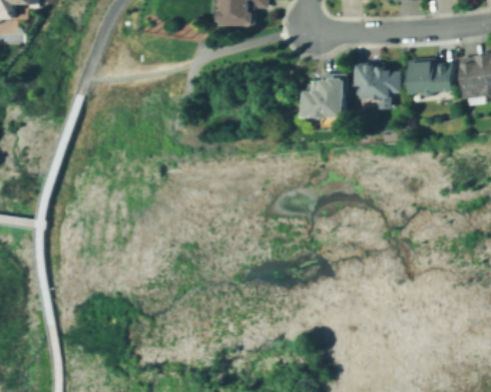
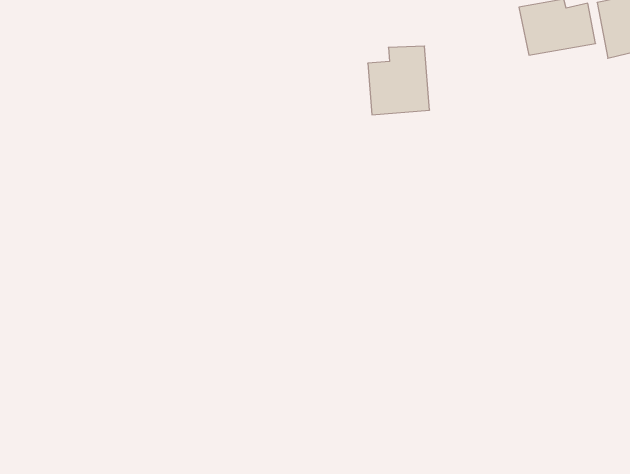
building: [348,64,398,98] -> none

